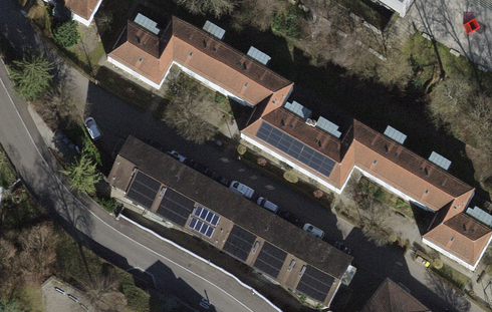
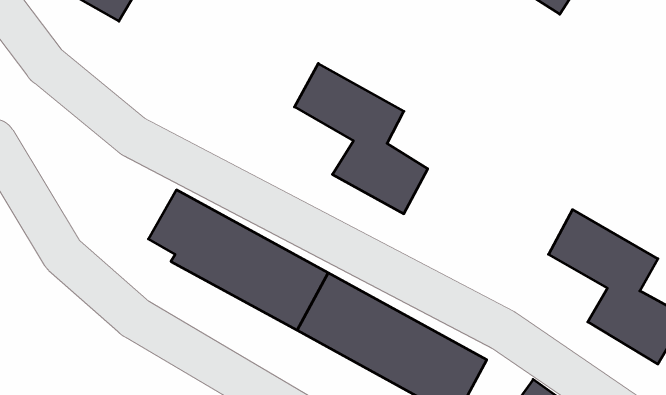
building: [107,15,231,82] -> none
building: [292,120,413,188] -> none

